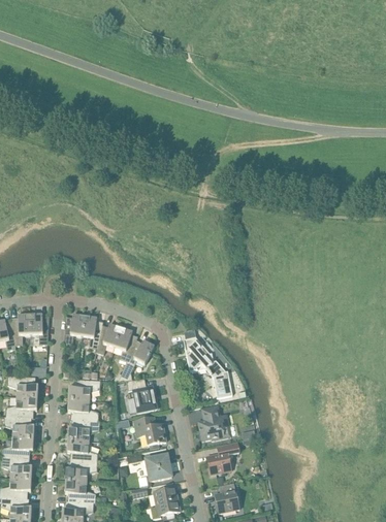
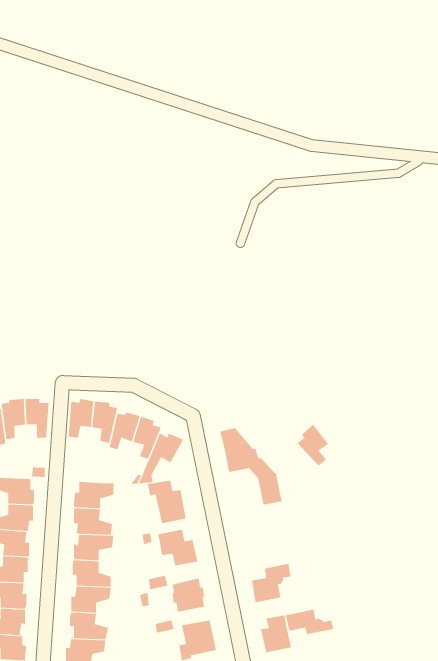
building: none -> [297,424,329,467]
building: [198,404,231,441] -> none
building: none -> [285,609,334,635]

